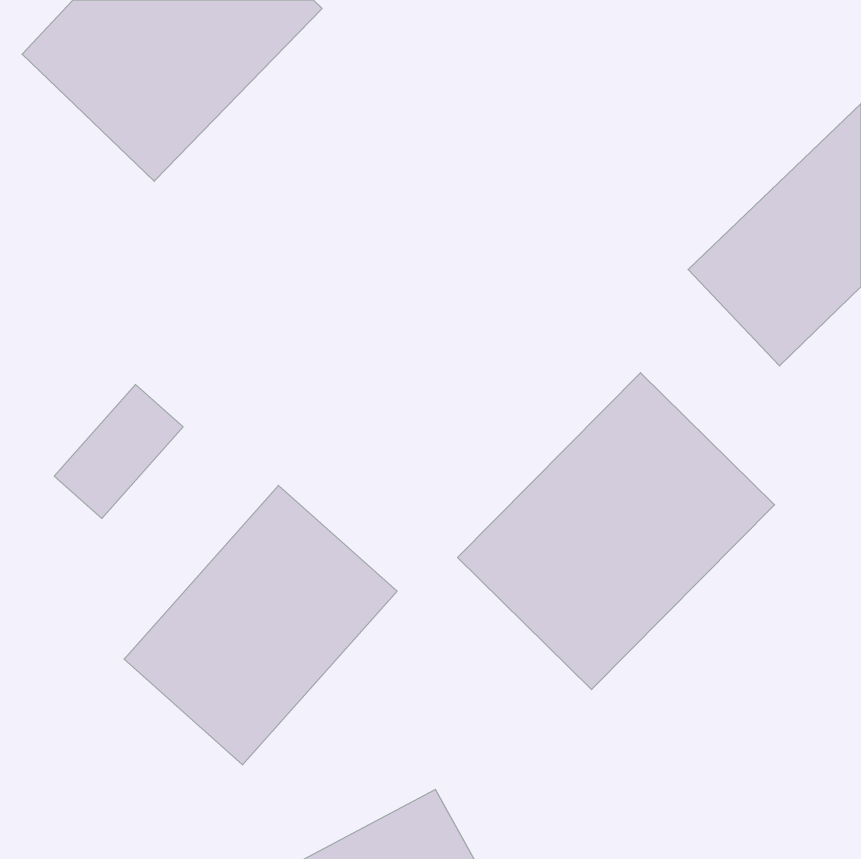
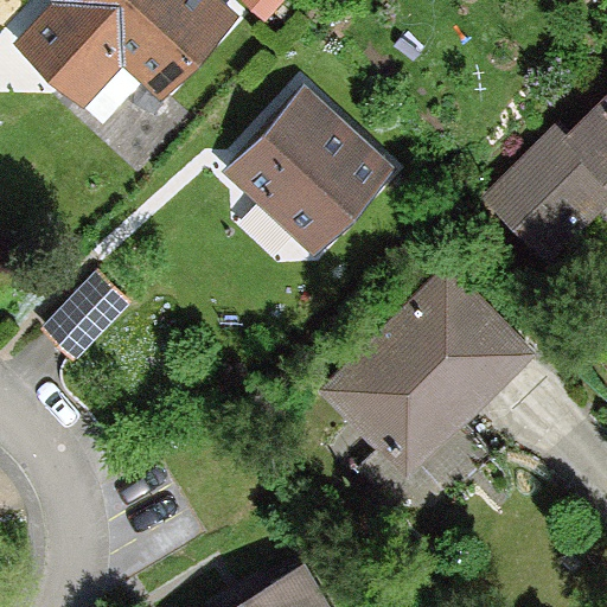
building: none -> [223,85,395,257]
building: [124,485,397,765] -> none

